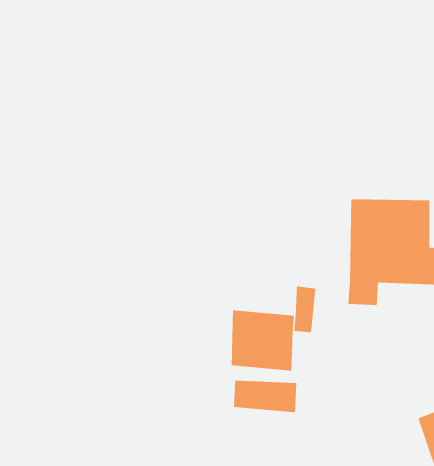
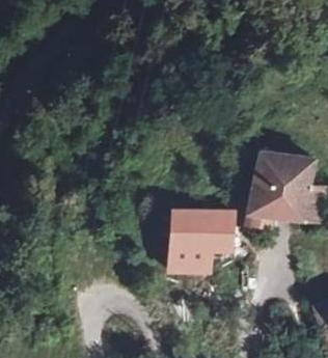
building: [233,380,297,413] -> [173,212,220,236]

